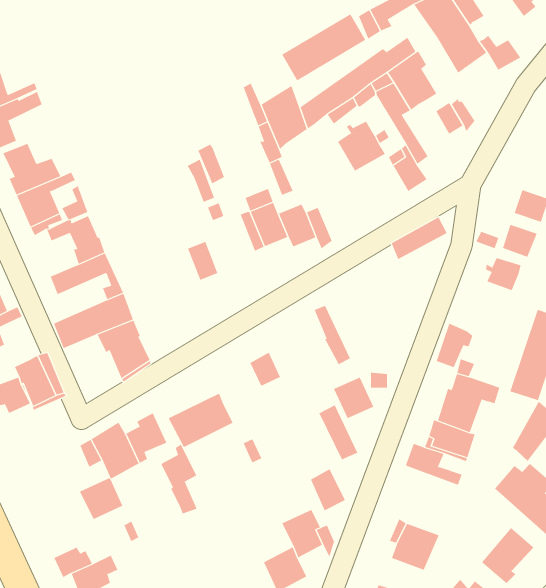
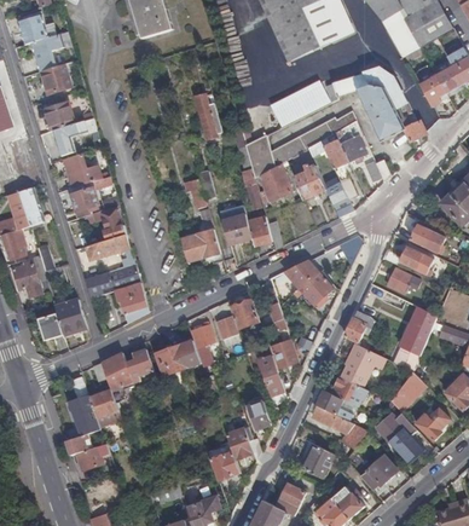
building: none -> [193,93,221,139]
building: none -> [257,163,289,200]
building: none -> [195,230,221,262]
building: none -> [283,260,331,307]
building: none -> [228,299,259,331]
building: [161,444,197,514] -> [190,318,214,366]
building: none -> [309,405,366,449]
building: none -> [69,398,99,435]

